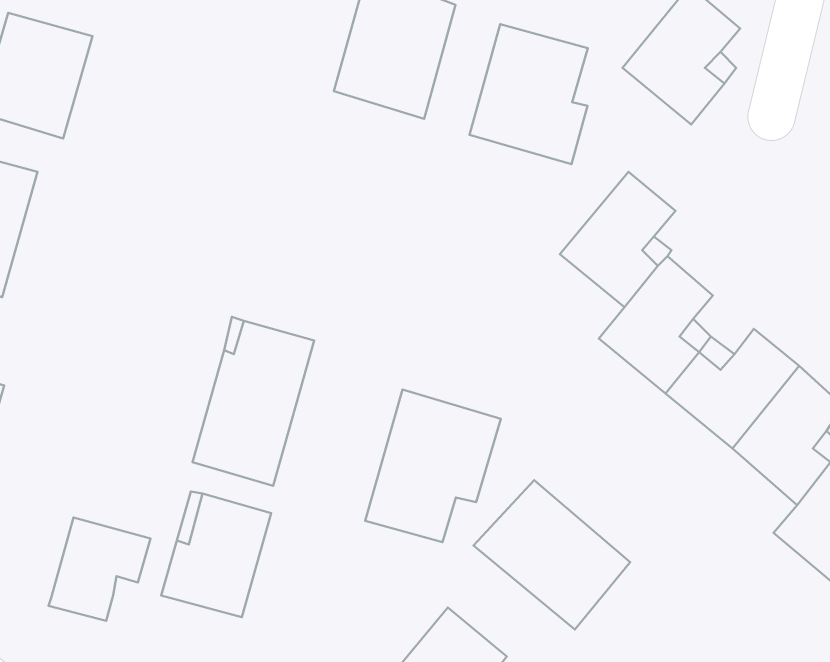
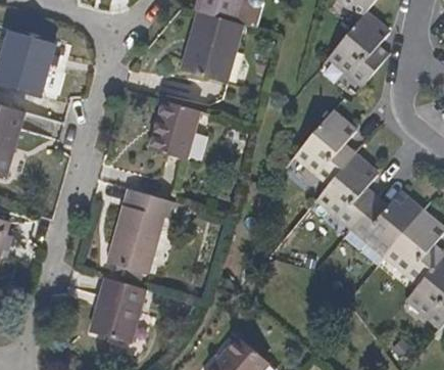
building: [470,24,588,164] -> none
building: none -> [148,99,198,160]
building: [365,389,501,542] -> none
building: [473,480,630,630] -> none
building: [48,517,150,621] -> none

